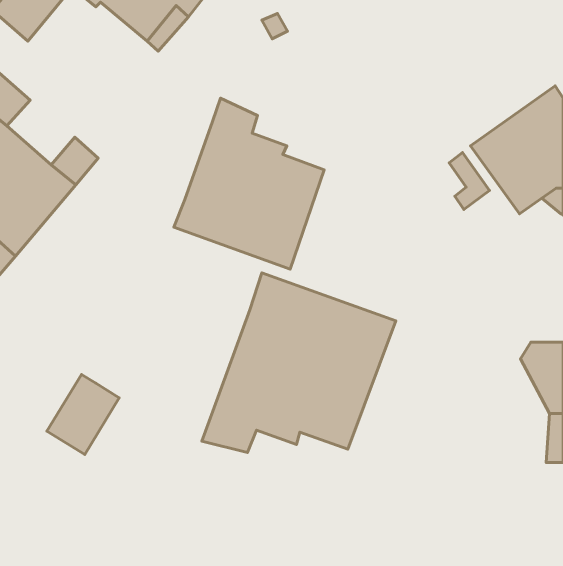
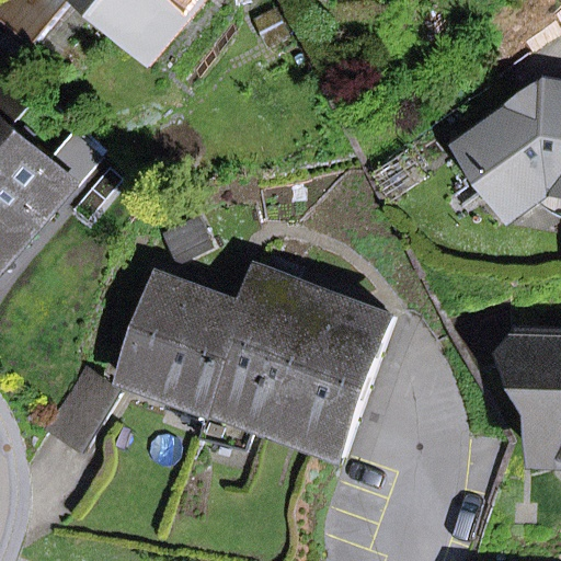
building: [174,98,324,269] -> none
building: none -> [124,275,245,404]

